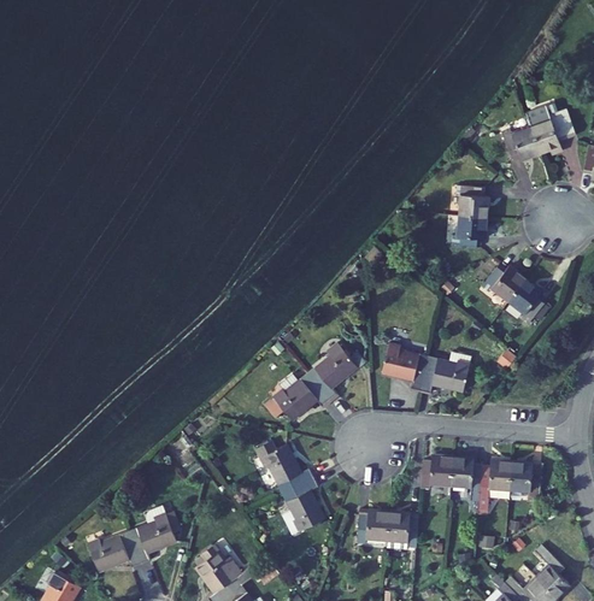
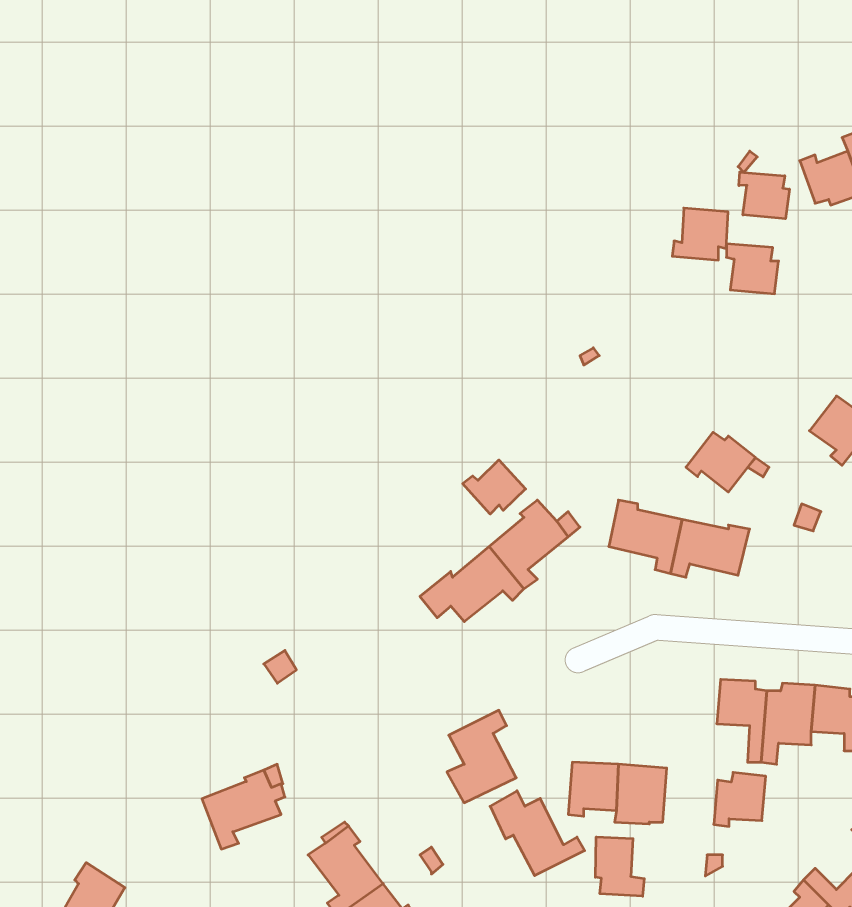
building: none -> [739,172,789,219]
building: [451,213,486,246] -> [672,208,728,260]
building: [481,264,524,301] -> [686,432,755,492]
building: none -> [463,460,526,514]
building: [254,438,313,491] -> [490,791,585,876]
building: [419,454,452,488] -> [714,772,766,826]
building: [88,531,140,571] -> none
building: none -> [595,837,644,896]

